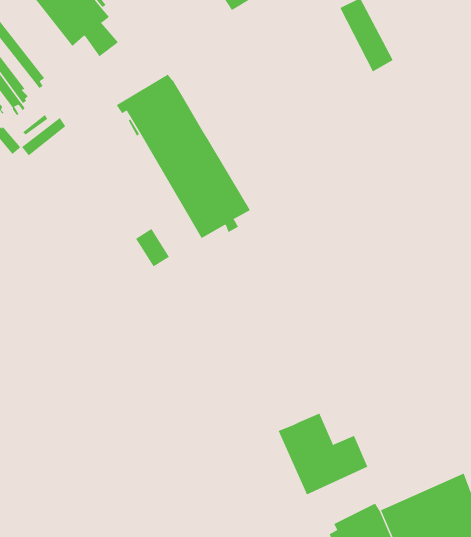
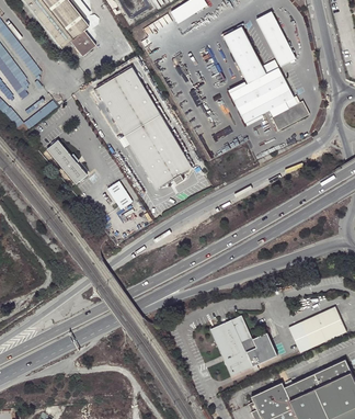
building: none -> [222,26,308,131]
building: none -> [48,137,88,181]
building: none -> [287,307,345,353]

